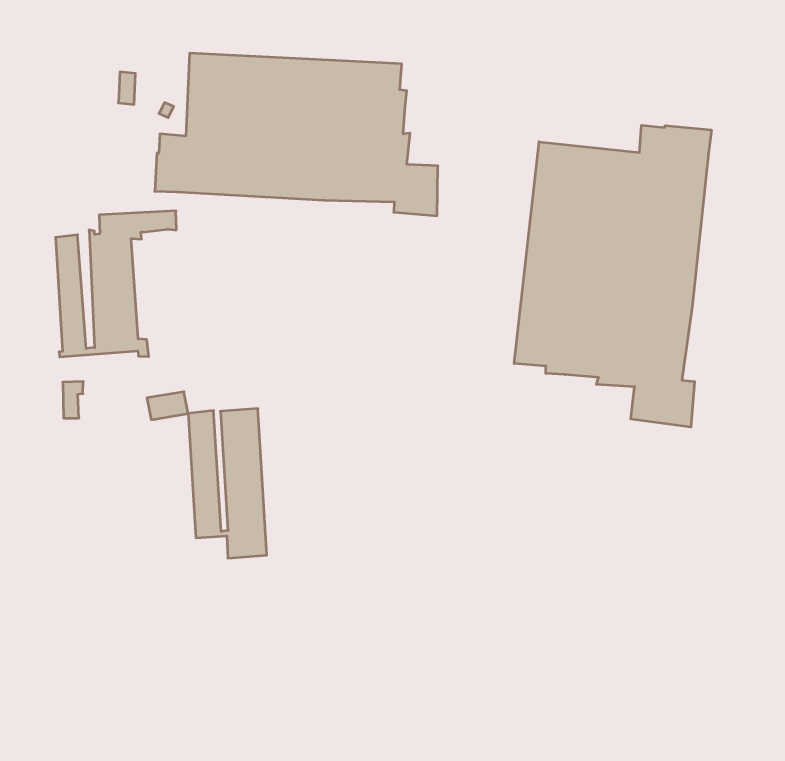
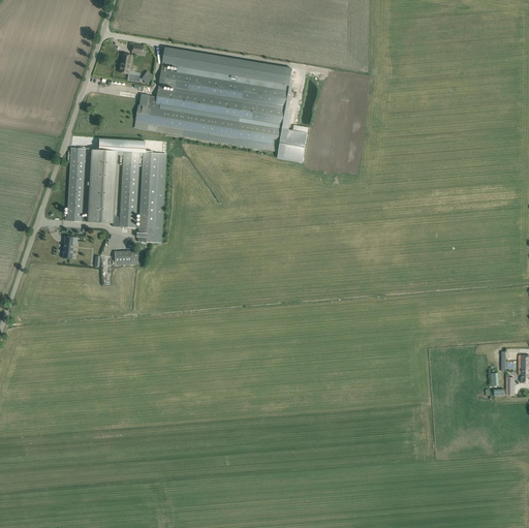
building: [514,125,711,427] -> none
building: [188,409,267,558] -> [120,151,166,242]

